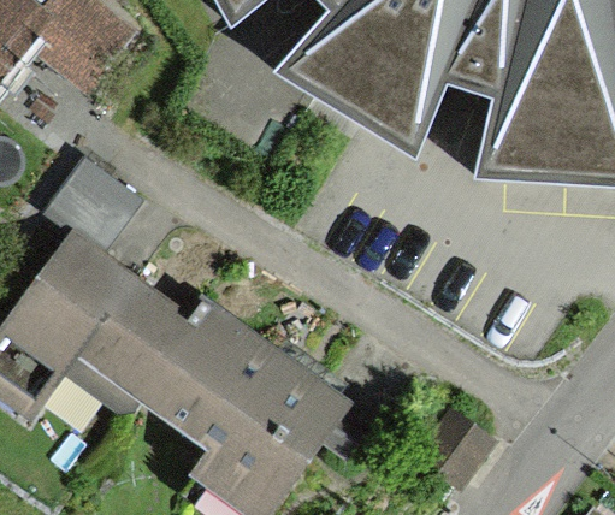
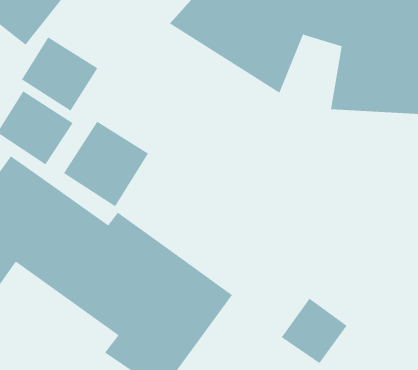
building: none -> [21,36,98,111]
building: none -> [63,121,149,207]

